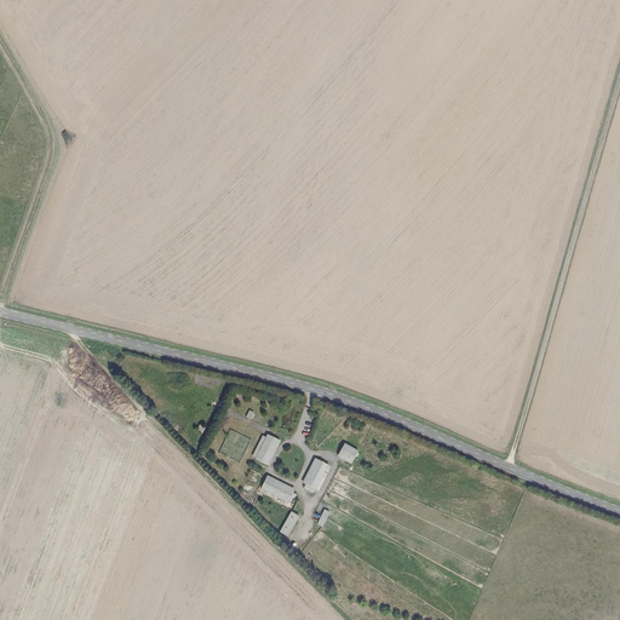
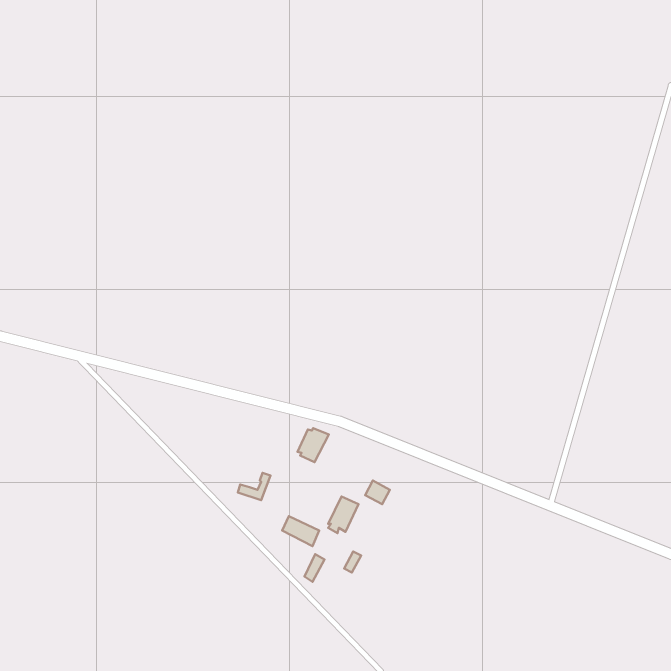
building: [252,435,281,466] -> [297,428,329,462]

